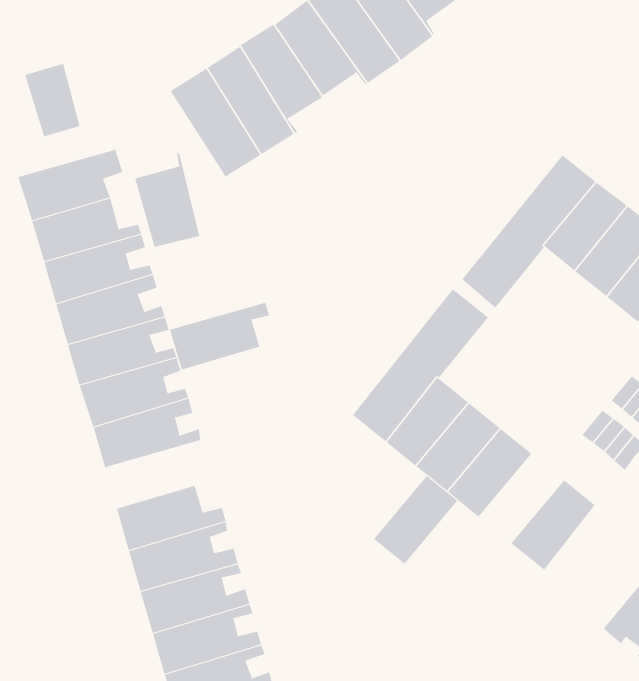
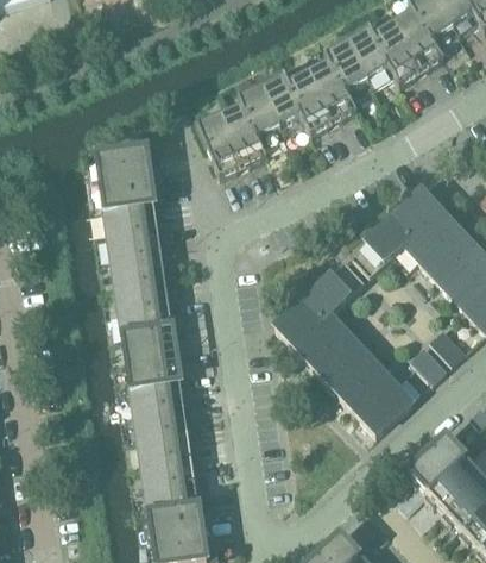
building: [24,63,80,137] -> none
building: [134,153,200,250] -> none
building: [169,302,270,370] -> [122,329,183,362]
building: [373,475,458,565] -> [340,364,393,415]

